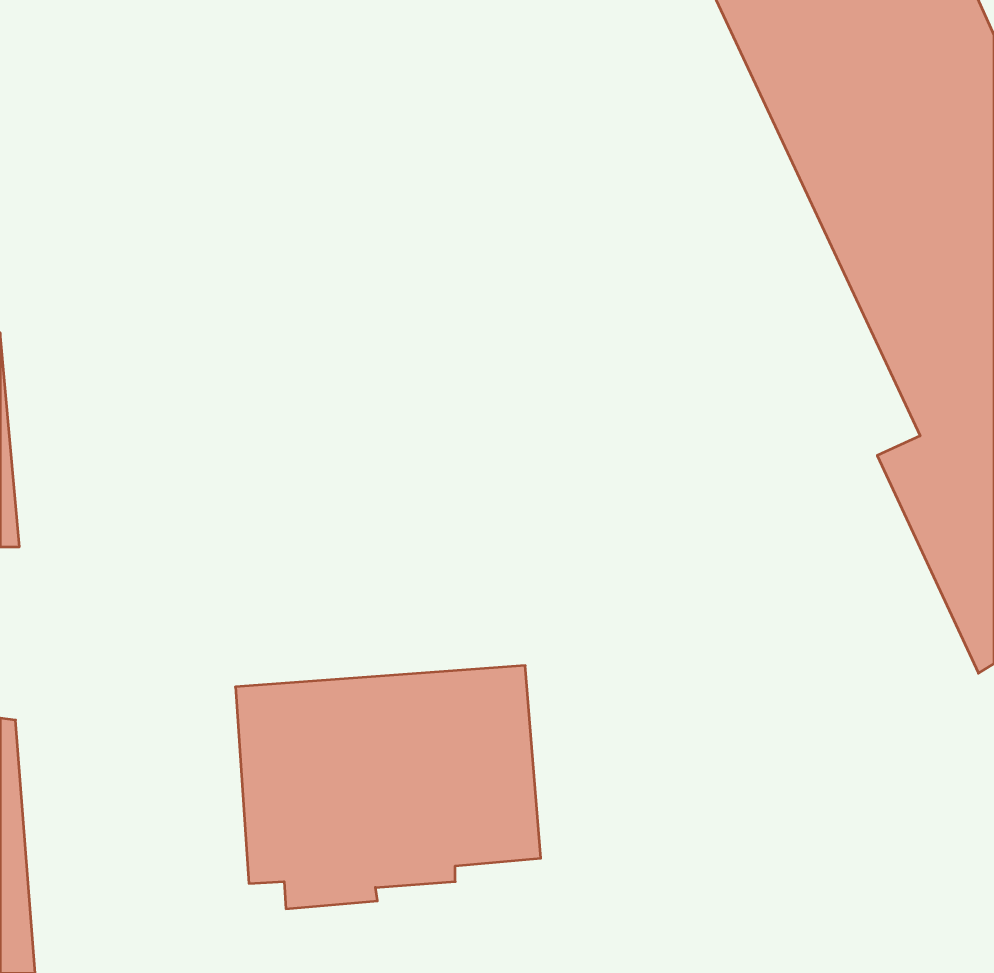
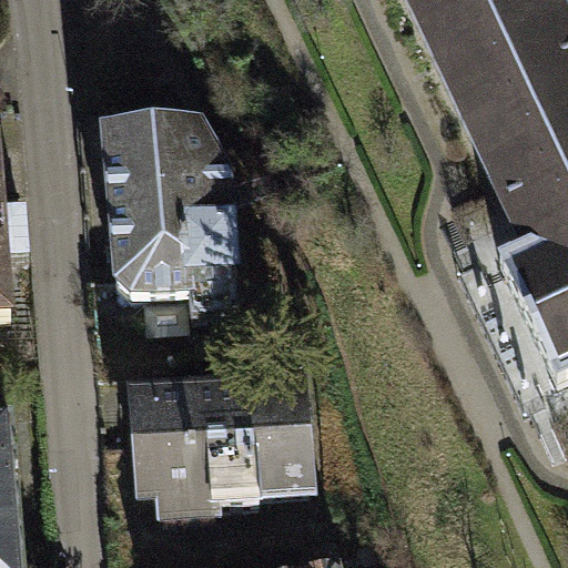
building: none -> [105,121,241,314]

